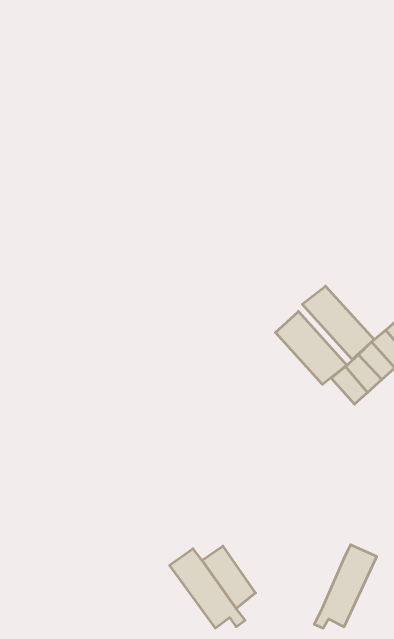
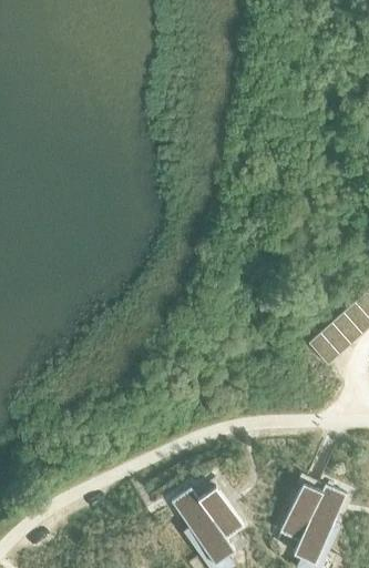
building: [302,286,374,360] -> none
building: [275,311,347,384] -> none
building: none -> [279,488,319,542]

